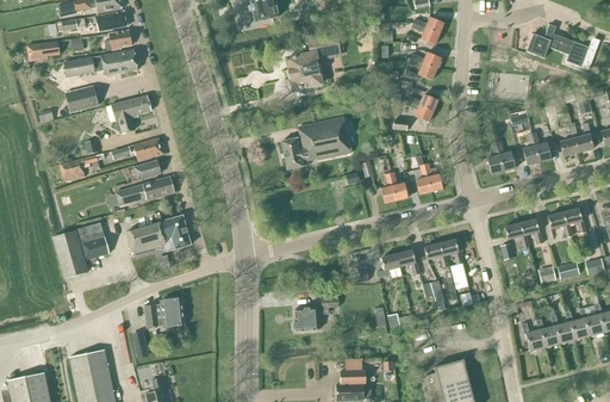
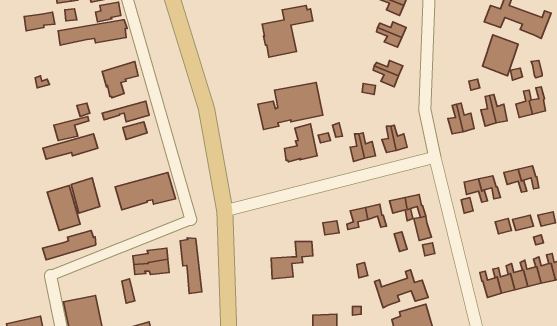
building: none -> [482,35,518,76]
building: [64,85,98,112] -> none
building: none -> [285,124,317,162]
building: [114,175,174,203] -> [43,134,98,159]
building: none -> [42,230,96,260]
building: none -> [180,238,202,294]
building: none -> [374,270,428,308]

